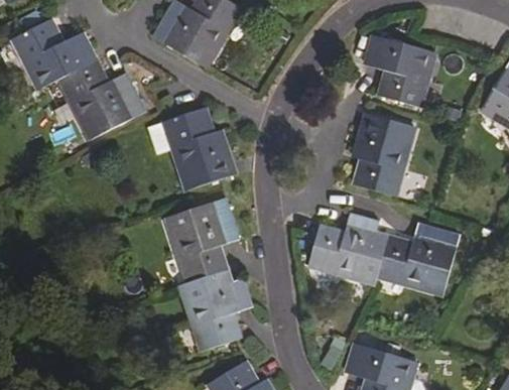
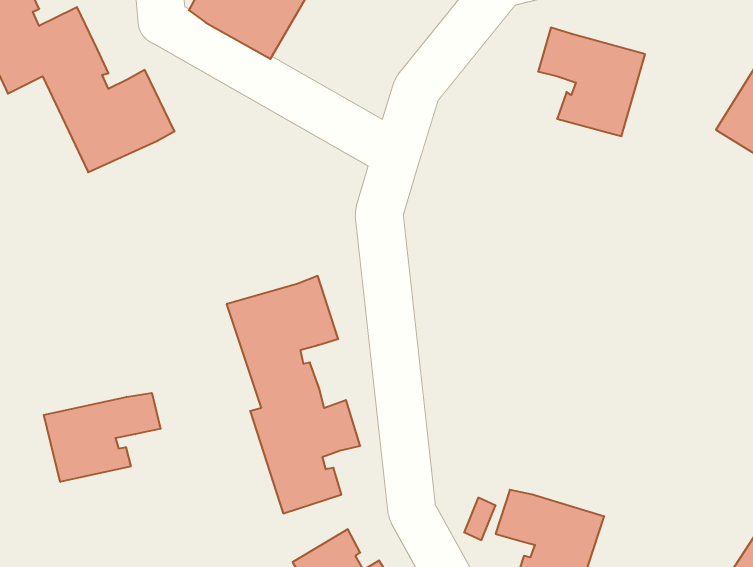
building: [158,104,229,183] -> none
building: [357,116,417,197] -> none
building: [311,212,463,295] -> none
building: none -> [44,393,160,482]

